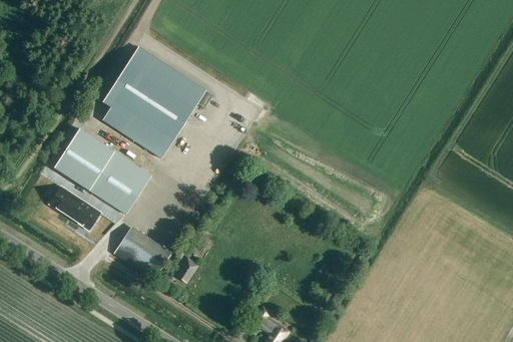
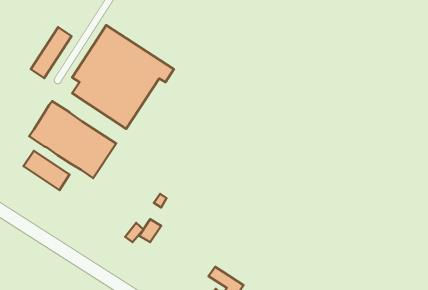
building: none -> [31,27,72,78]
building: [112,225,171,280] -> none

